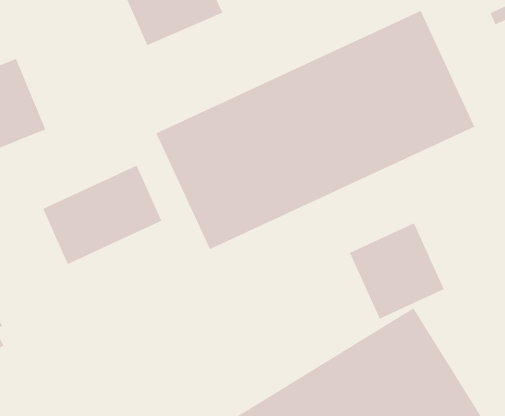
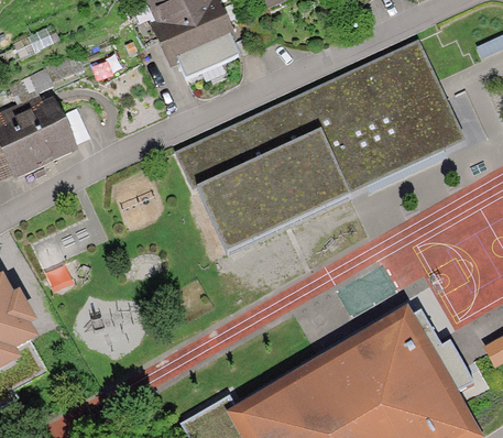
building: [42,165,162,265] -> none
building: [349,222,445,319] -> none

